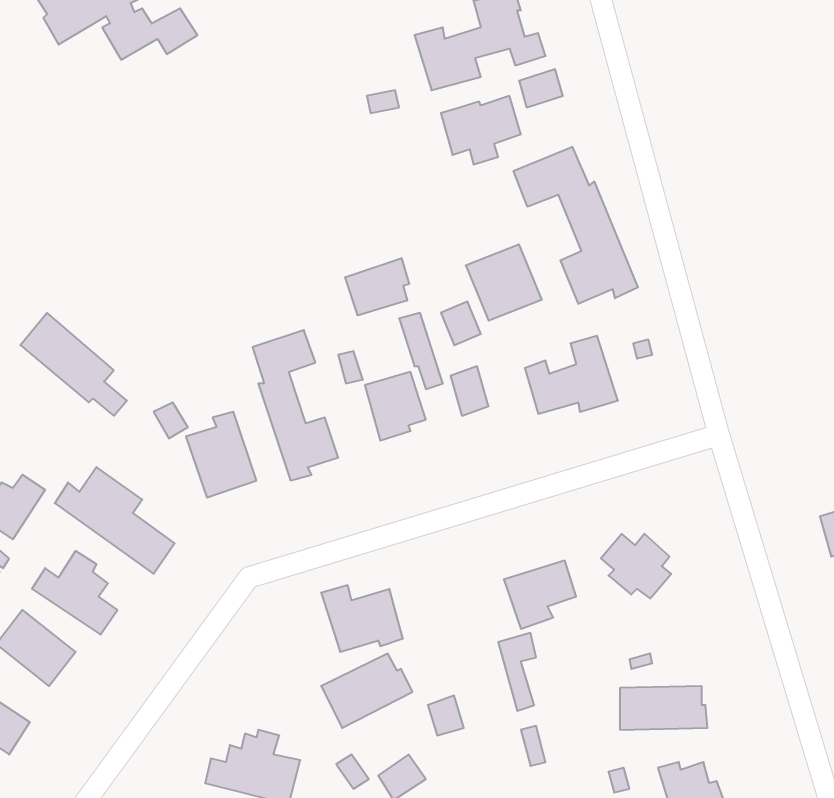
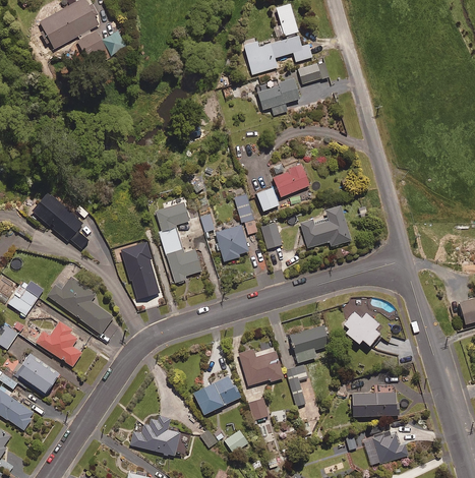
building: [514,147,638,304] -> none
building: [345,258,409,315] -> none
building: [321,585,403,652] -> [239,350,283,385]

